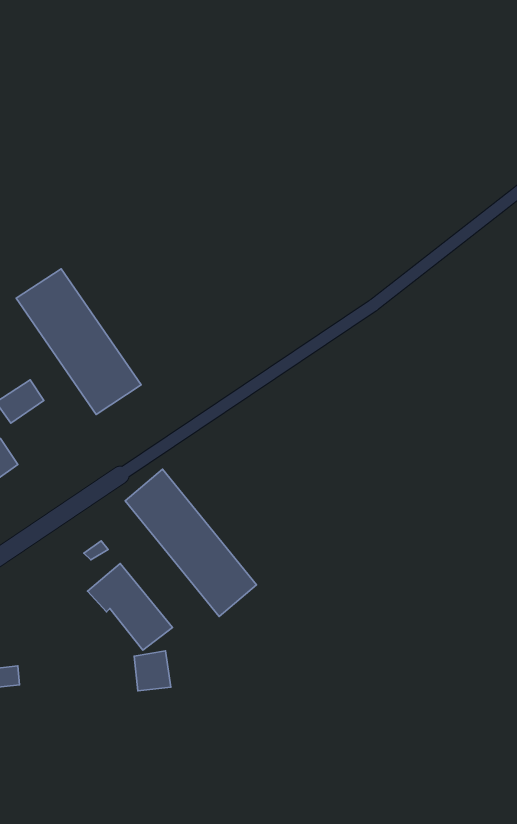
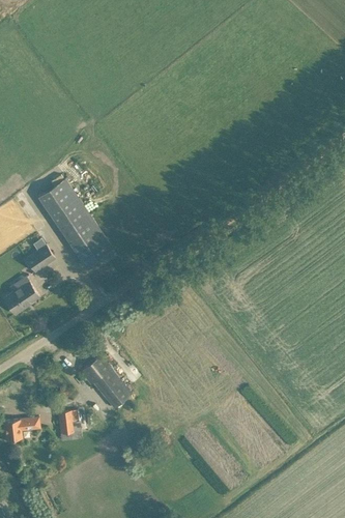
building: [125,469,256,617] -> none
building: [134,651,171,691] -> [58,409,80,433]

